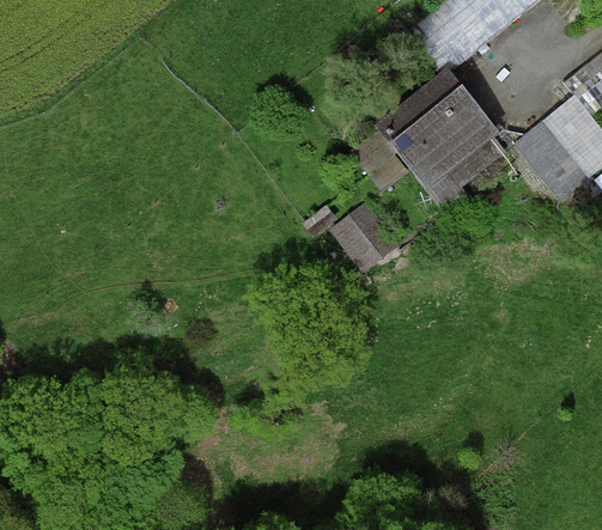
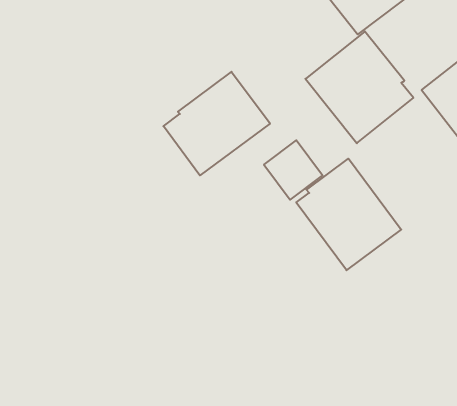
building: none -> [163,72,270,175]
building: none -> [296,159,401,270]

